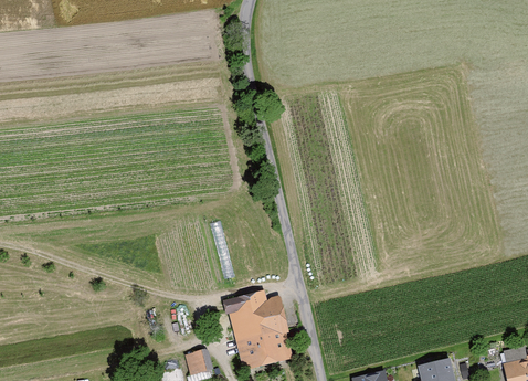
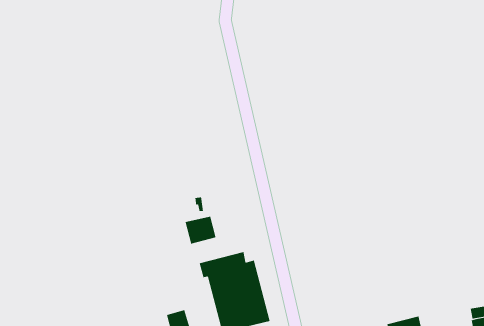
building: none -> [185,216,216,245]

